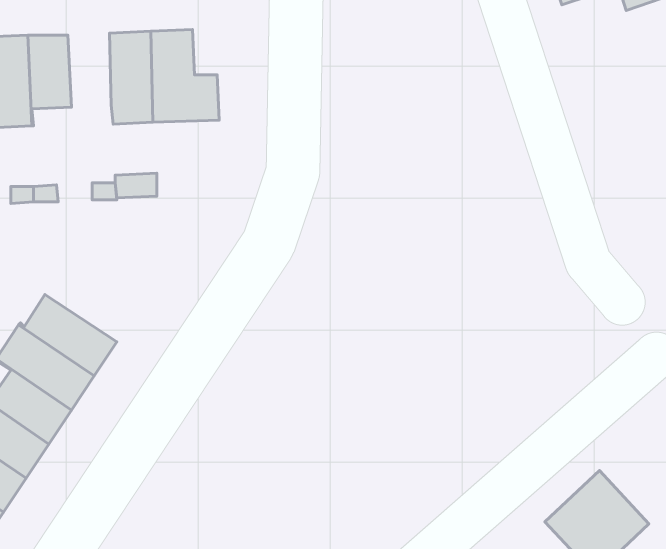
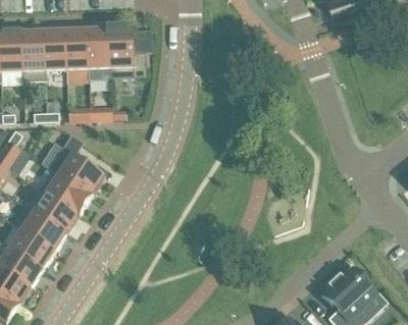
building: none -> [64,29,88,68]
building: none -> [50,140,104,195]

